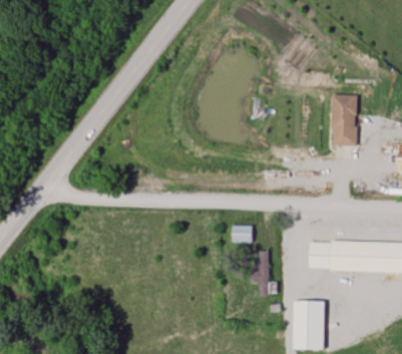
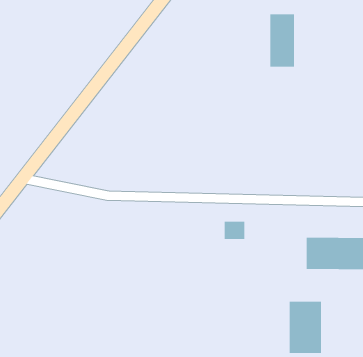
building: [333,95,357,145] -> [269,14,295,67]
building: [251,251,270,298] -> none

